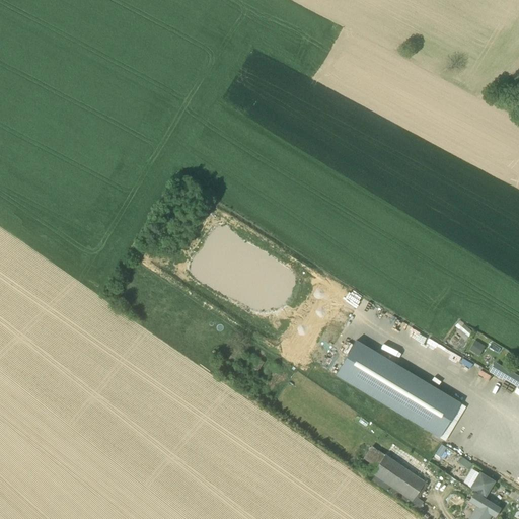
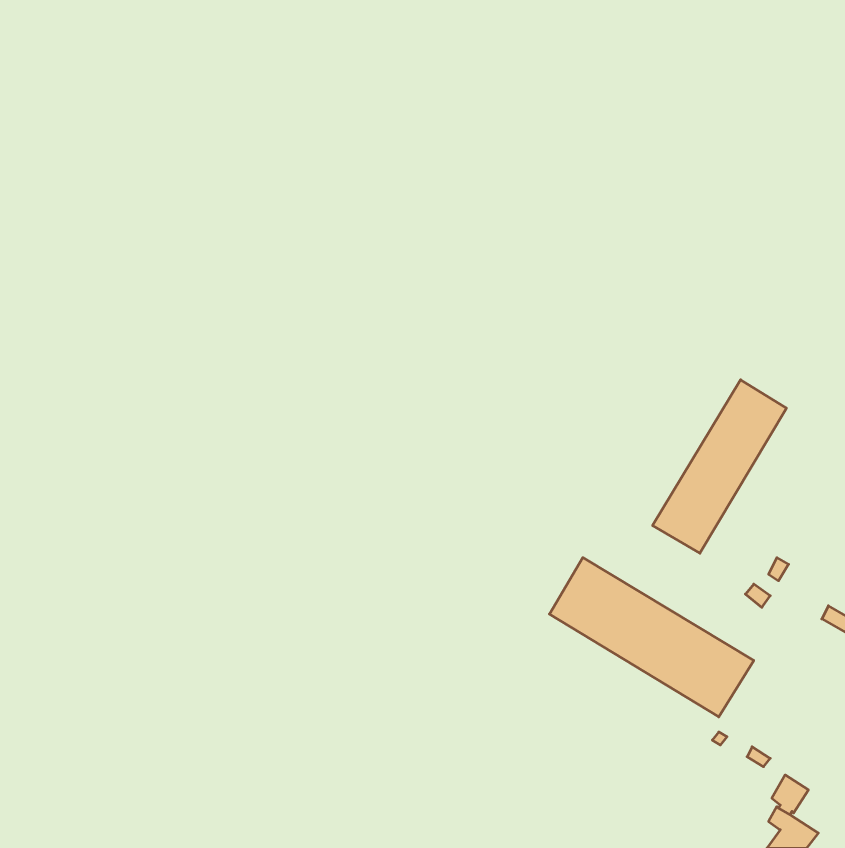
building: none -> [653,380,786,553]
building: [361,447,427,510] -> none

